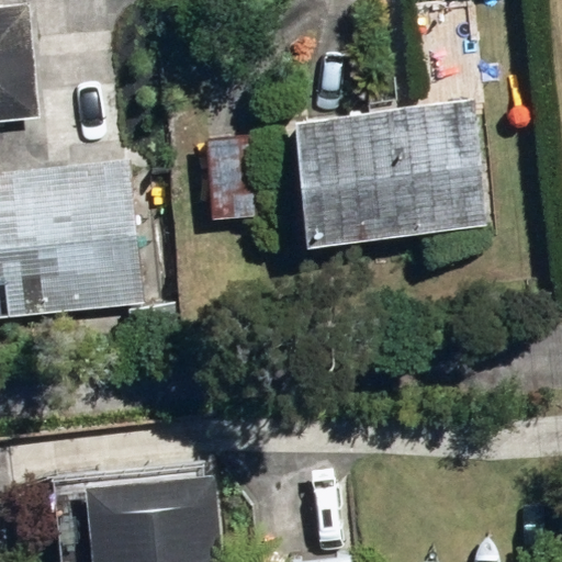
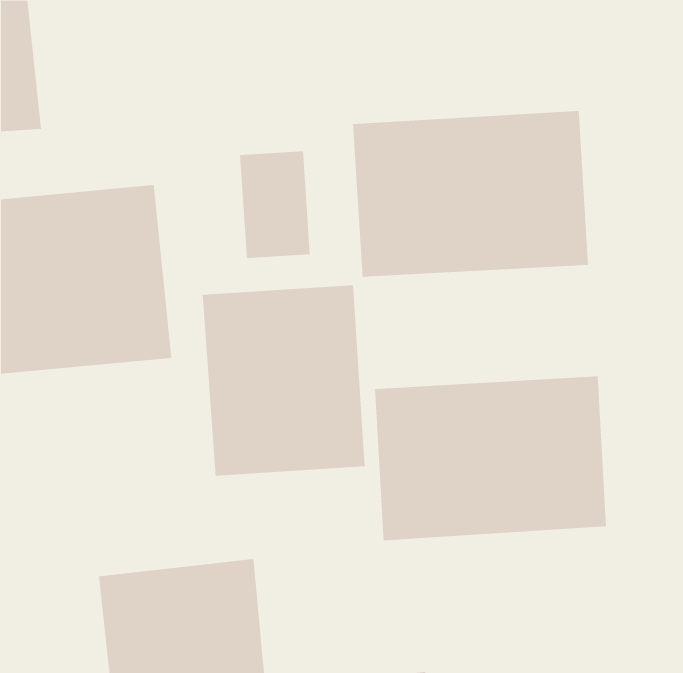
building: none -> [202,284,365,476]
building: none -> [374,375,607,541]

